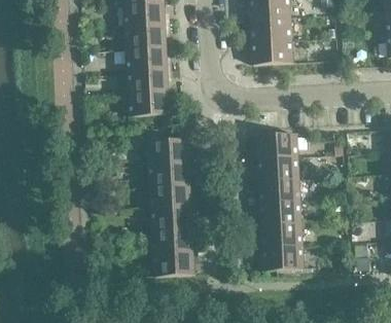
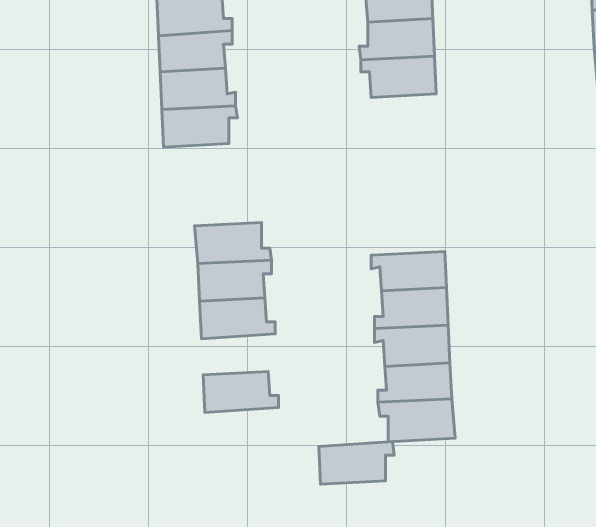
building: [129,91,174,115] -> none
building: [252,133,297,157] -> none
building: [151,205,196,229] -> none
building: [153,249,199,275] -> [319,441,394,484]

